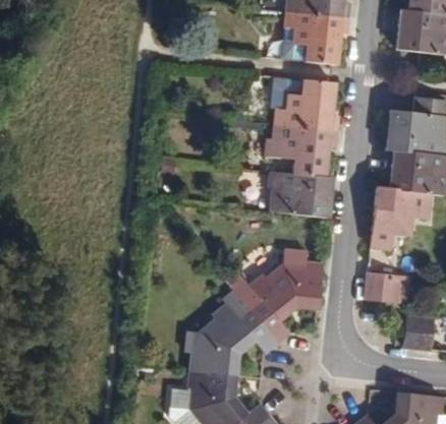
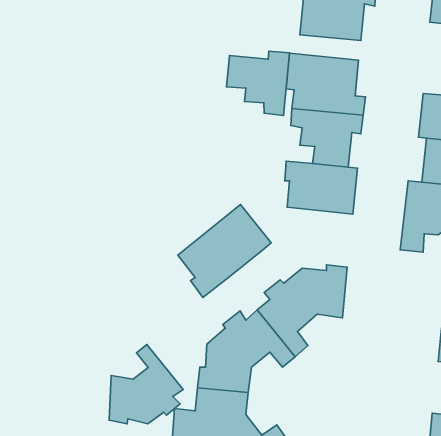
building: none -> [226,51,290,115]
building: none -> [178,204,271,297]
building: [365,271,397,303] -> none
building: none -> [109,345,183,424]

